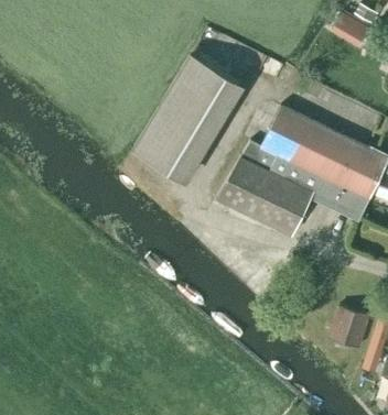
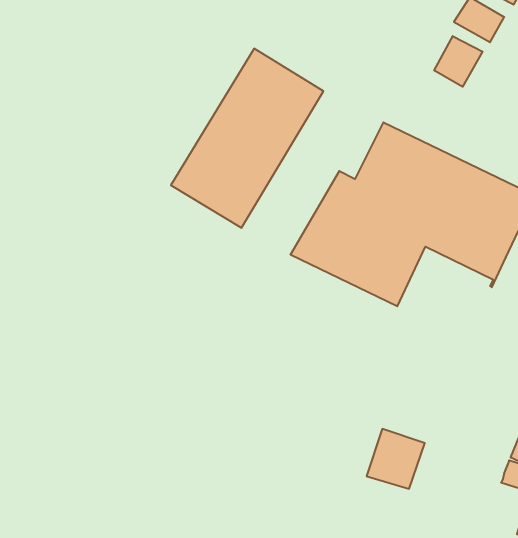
building: none -> [434,36,483,87]
building: [330,305,370,347] -> [367,429,425,489]

